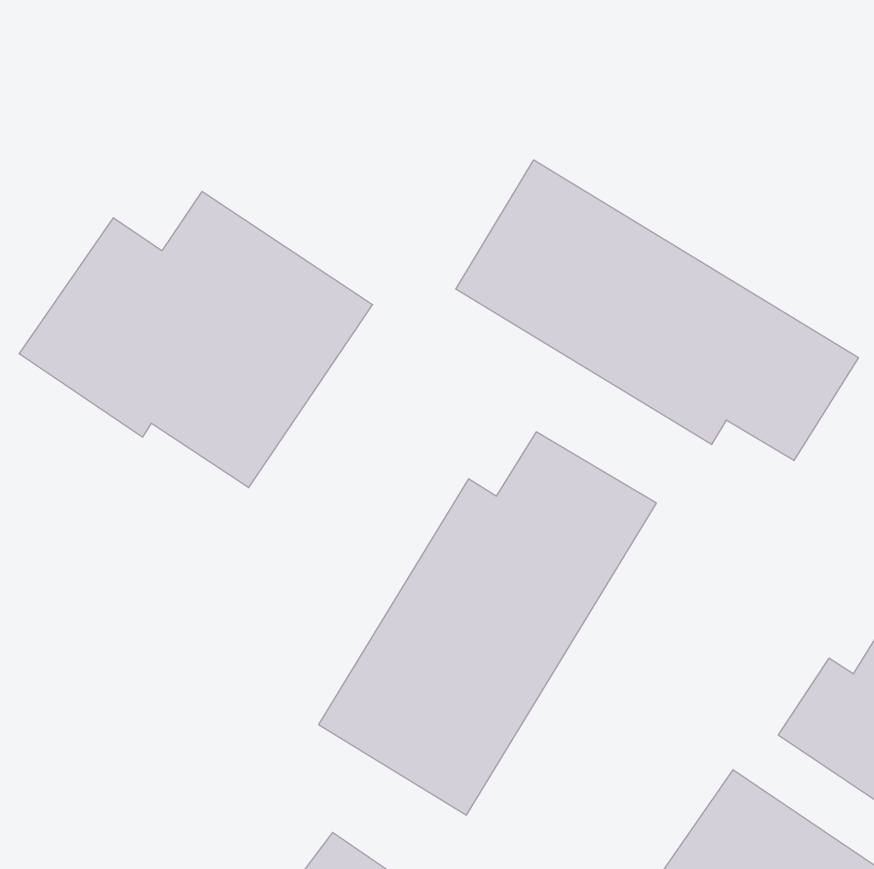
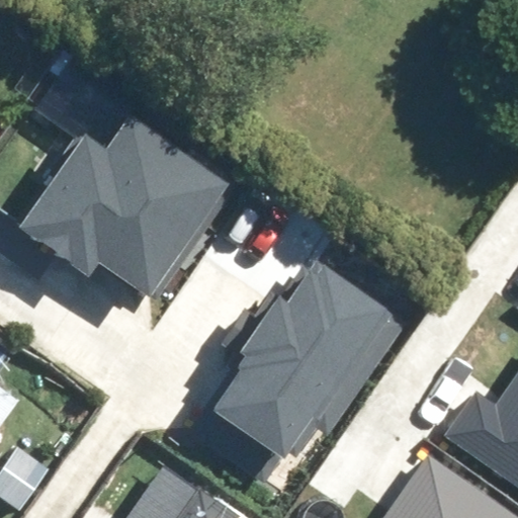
building: [456,160,859,461] -> none

